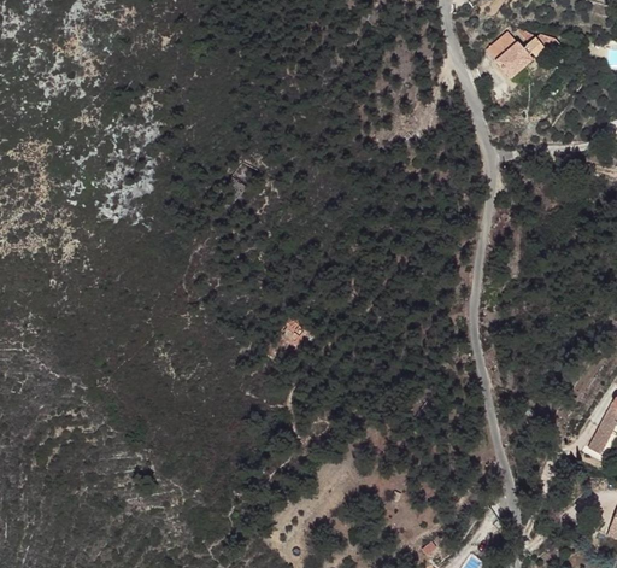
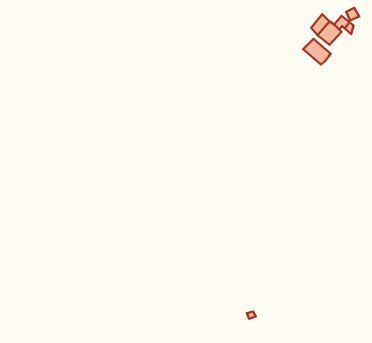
building: none -> [303,39,331,65]

